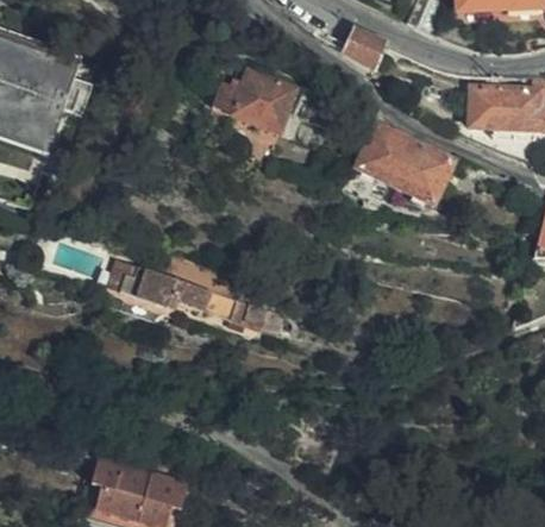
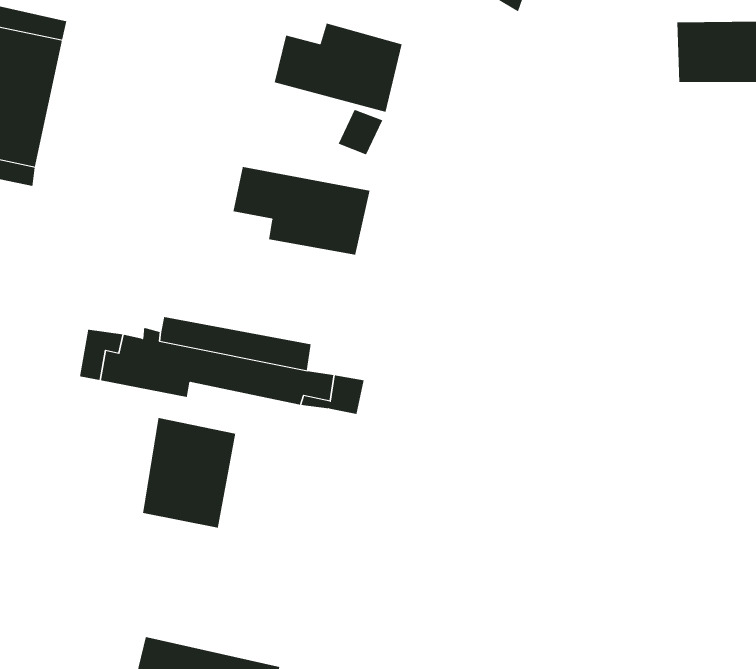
building: [357,127,455,206] -> none
building: none -> [233,166,370,255]
building: none -> [142,417,236,529]

